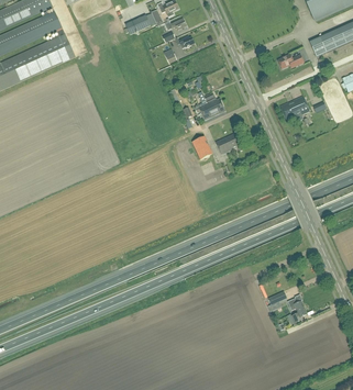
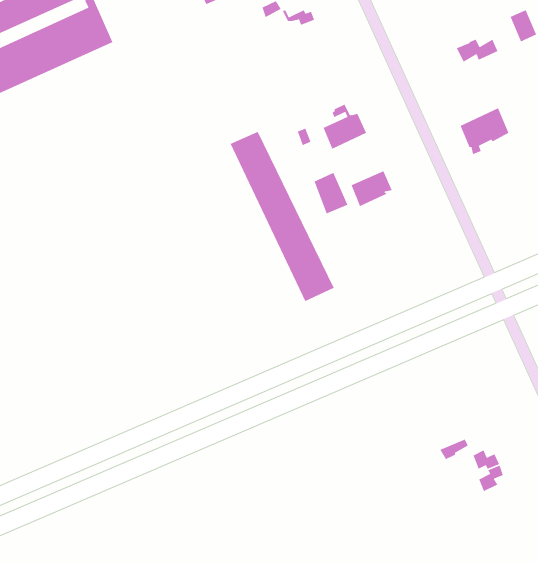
building: none -> [229,131,335,302]

